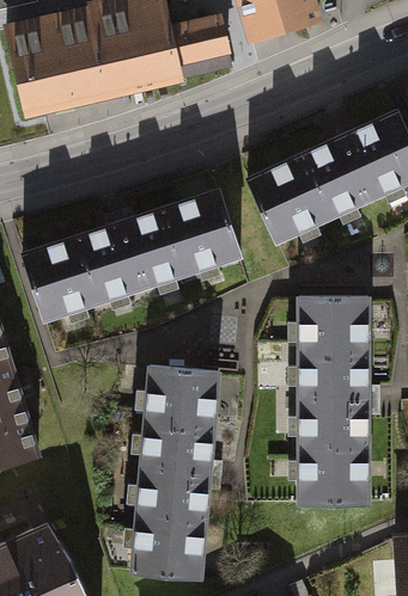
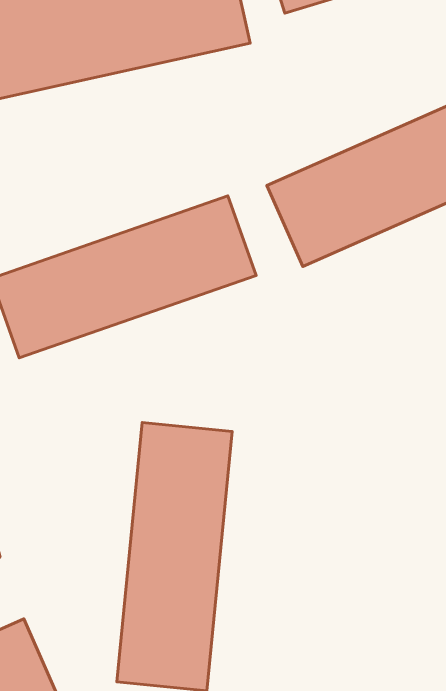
building: [299,299,373,506] -> none

